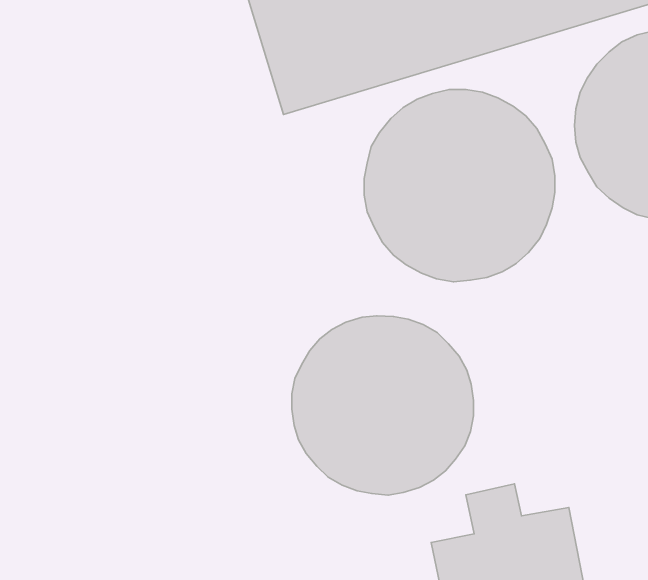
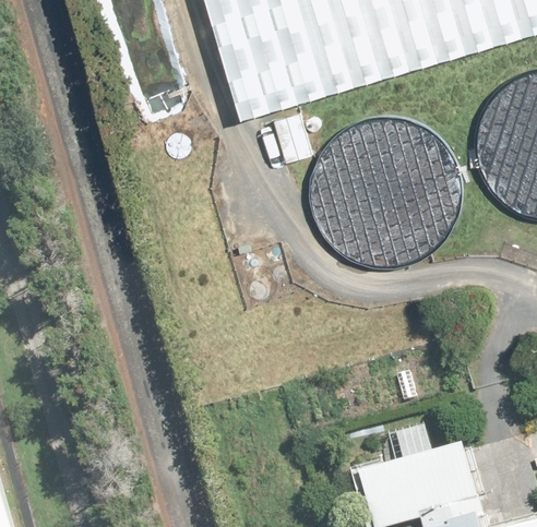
building: [292,316,474,495] -> none

